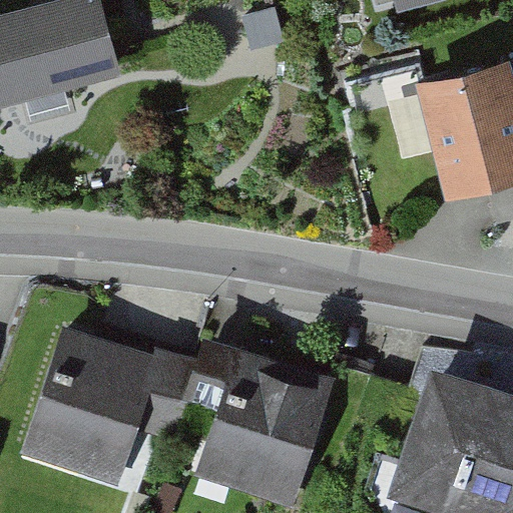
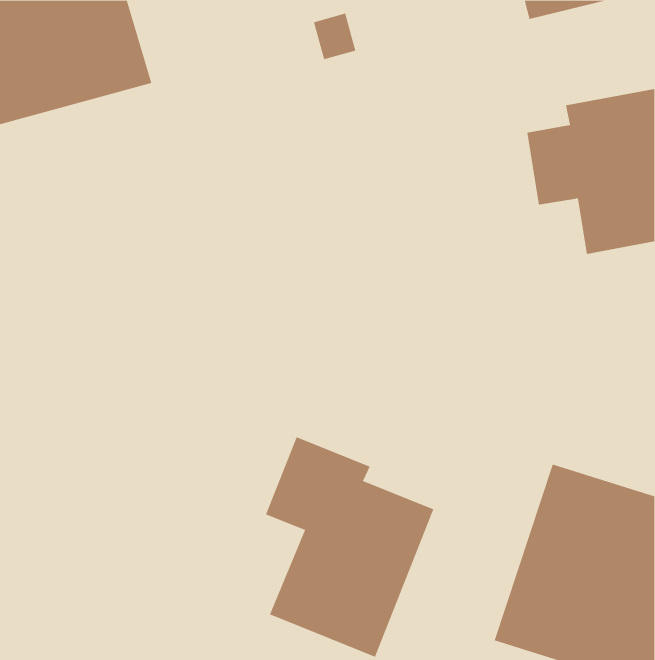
building: [39,330,170,485] -> none

